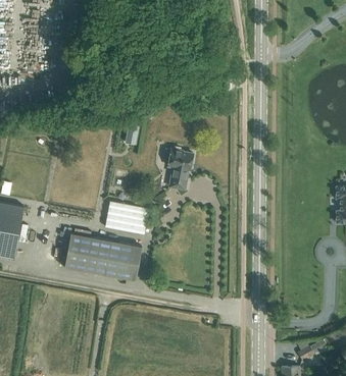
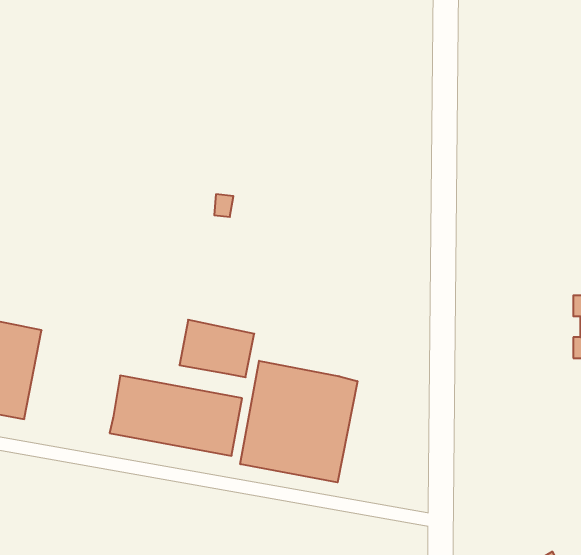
building: [164,147,193,190] -> none
building: none -> [240,361,357,482]

